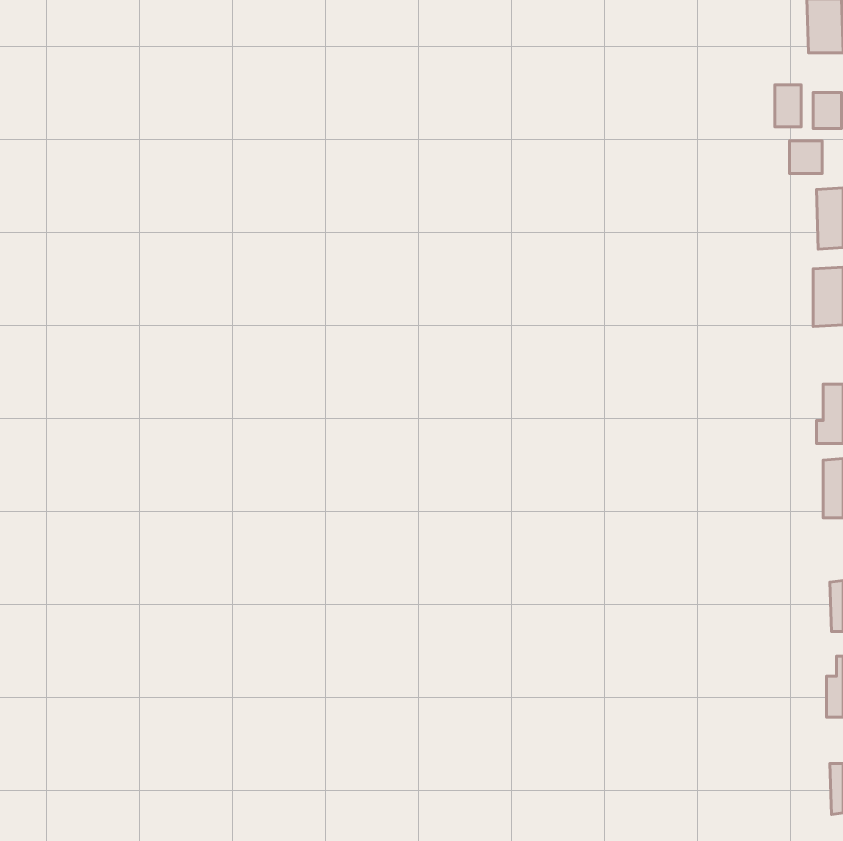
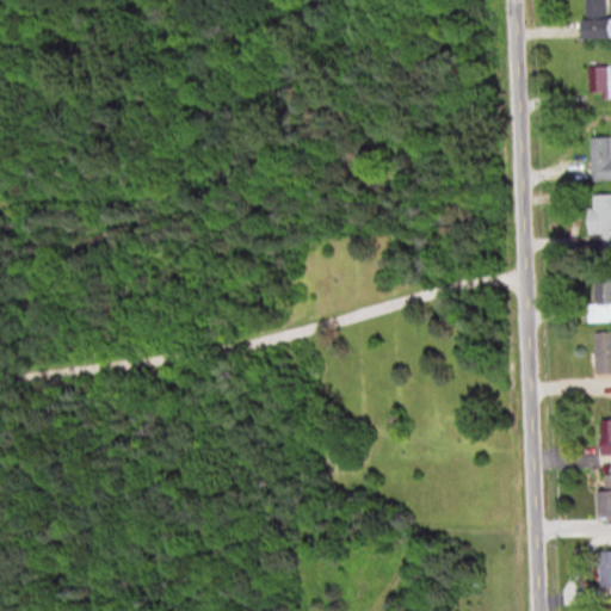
building: [775,85,801,127] -> none
building: [790,141,822,174] -> none

